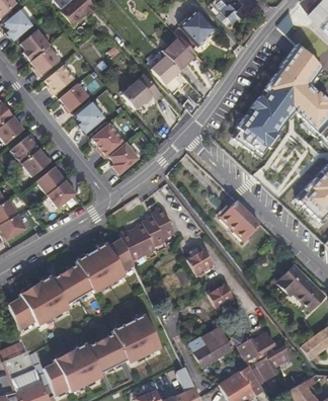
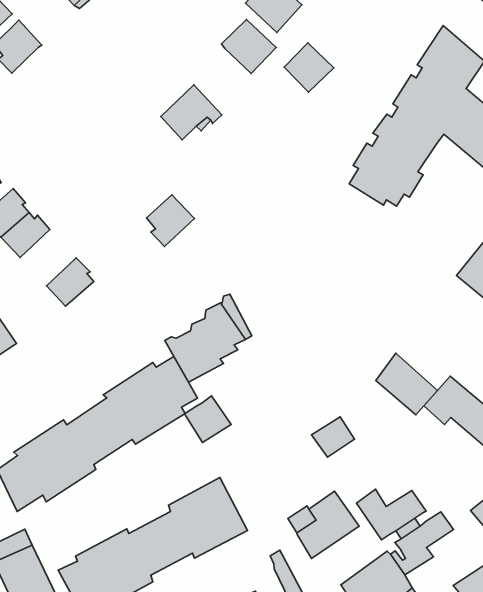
building: [31,46,60,75] -> none
building: [148,53,178,83] -> [284,43,334,92]
building: [46,64,74,94] -> none
building: [60,82,89,111] -> none
building: [76,100,105,132] -> none
building: [92,122,126,157] -> none
building: [34,163,64,192] -> none
building: [220,195,257,234] -> [376,353,438,415]
building: [183,247,212,275] -> [185,396,231,443]

